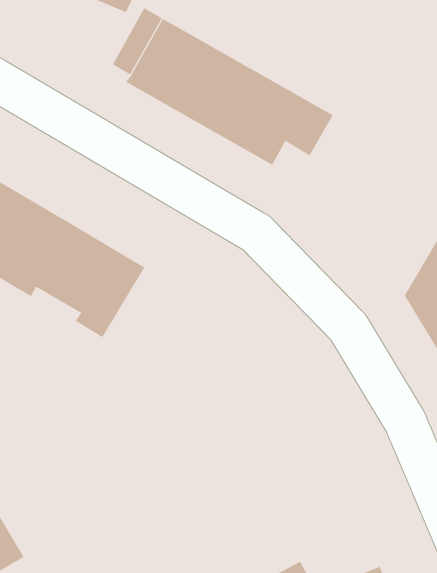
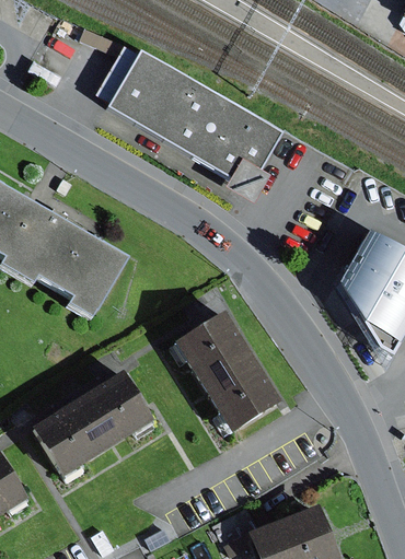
building: none -> [175,310,280,430]
building: none -> [32,370,152,475]

